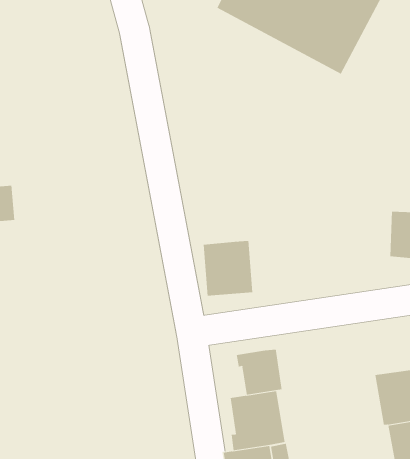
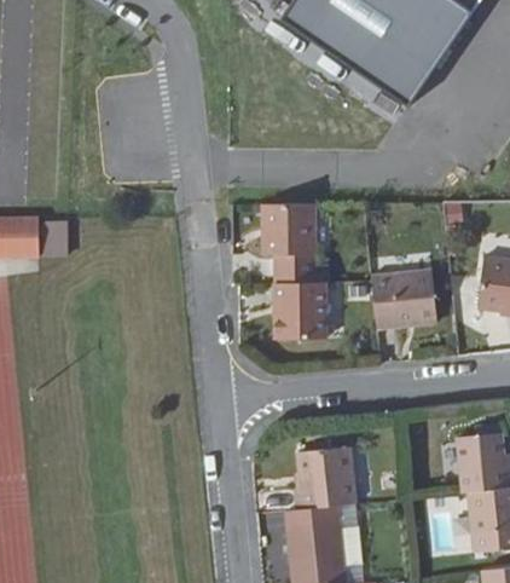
building: none -> [245,203,299,283]
building: none -> [357,271,421,329]
building: [236,349,282,395] -> none

